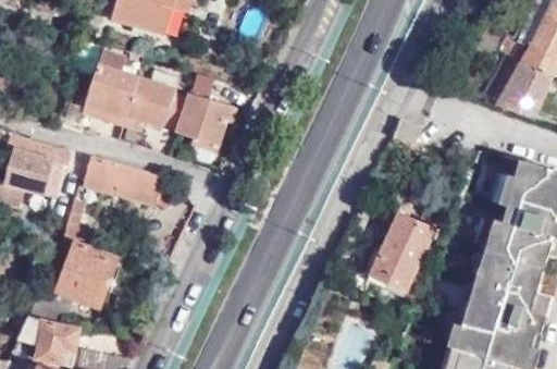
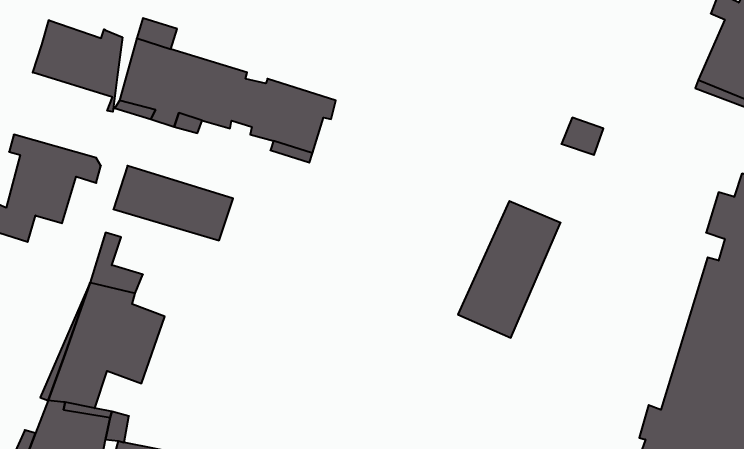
building: none -> [33,20,122,112]
building: [362,209,434,305] -> [458,201,561,338]

